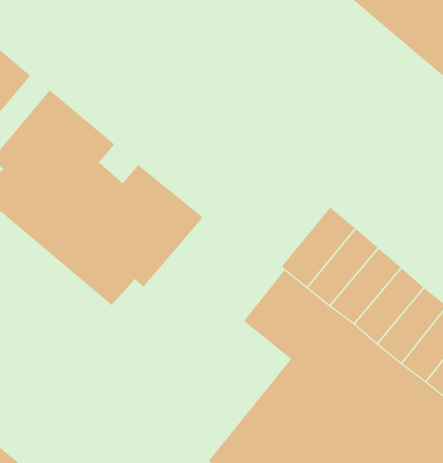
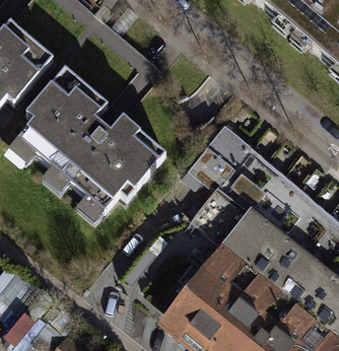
building: none -> [188,125,250,190]

